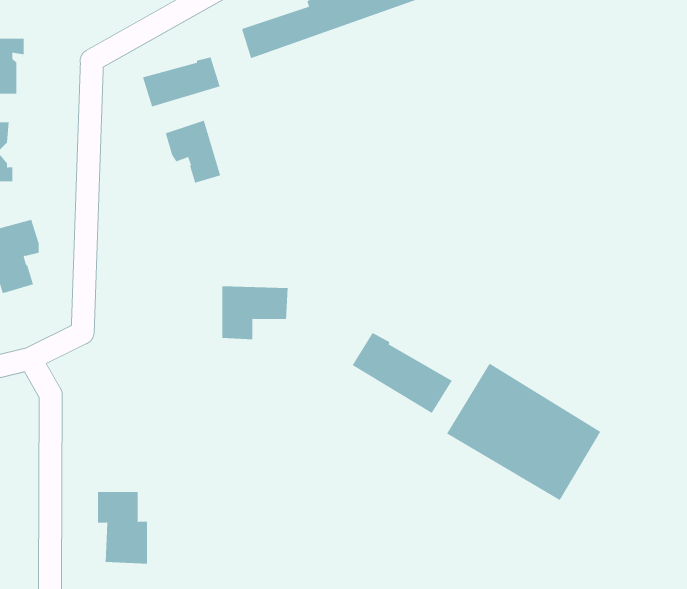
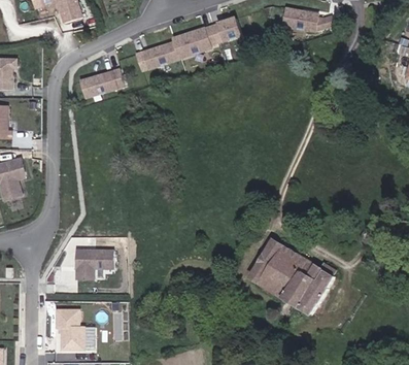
building: [165,120,221,184] -> none
building: [221,286,289,340] -> [76,250,113,279]
building: [352,332,453,414] -> none

